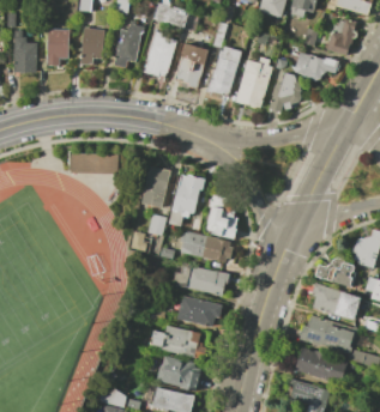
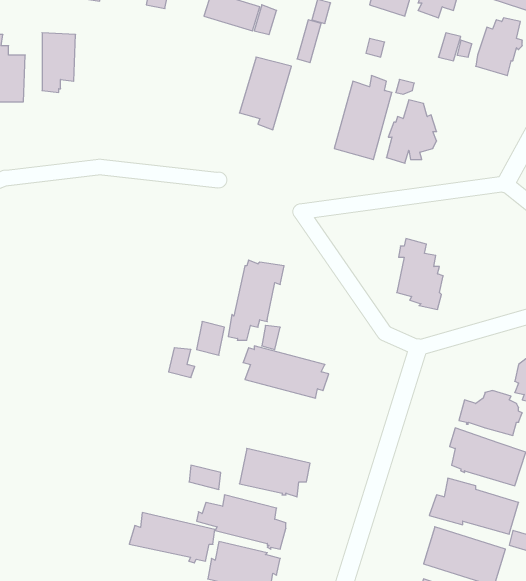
building: [115,20,144,68] -> none
building: [80,28,104,66] -> none
building: [145,31,177,79] -> none
building: [207,47,242,98] -> none
building: [291,53,339,80] -> none
building: [70,153,119,174] -> none
building: [141,168,169,207] -> none
building: [206,194,236,240] -> [397,239,443,309]
building: [173,263,228,296] -> [129,513,215,563]

